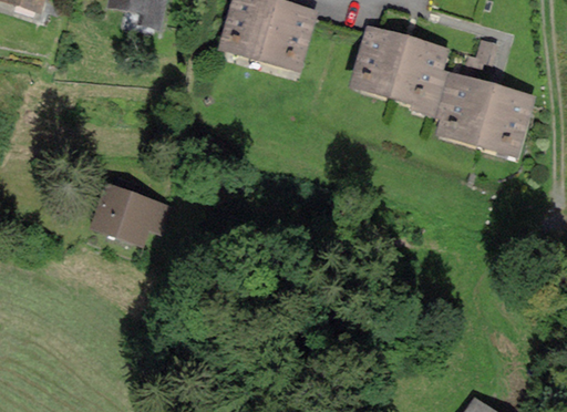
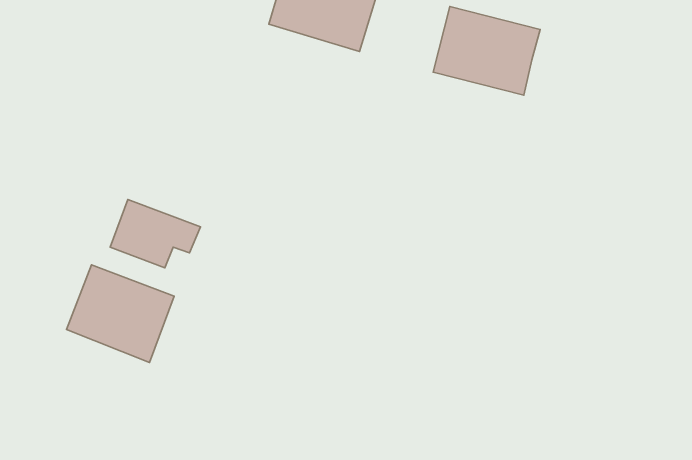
building: [426,72,528,150] -> none
building: none -> [66,265,174,363]

